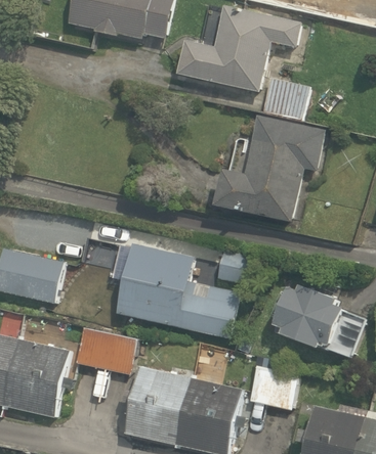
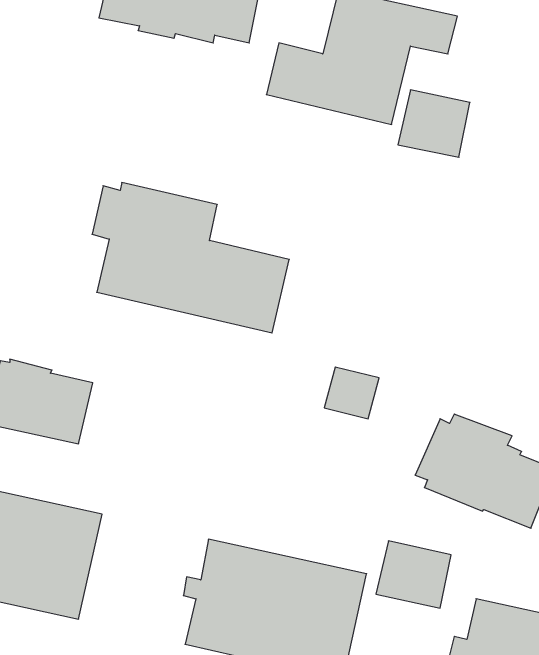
building: [215,116,324,222] -> none
building: [112,242,241,340] -> [92,183,289,333]
building: [76,326,137,374] -> none

